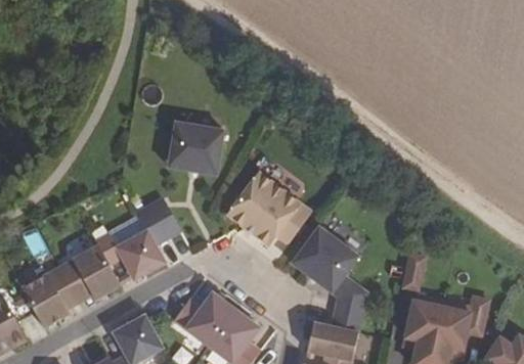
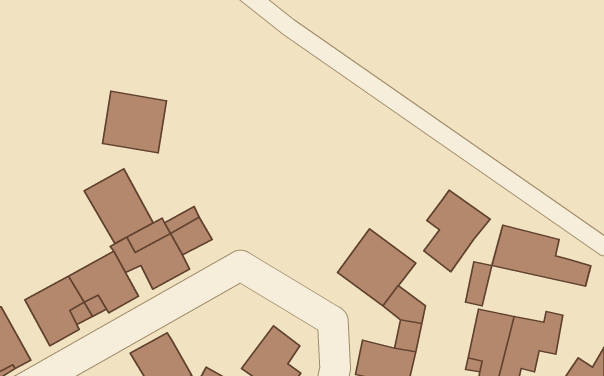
building: [168,122,223,175] -> [103,91,167,153]
building: [227,173,304,246] -> none
building: none -> [84,169,153,244]
building: none -> [424,190,490,272]
building: none -> [492,225,591,286]
building: [173,292,236,347] -> none

